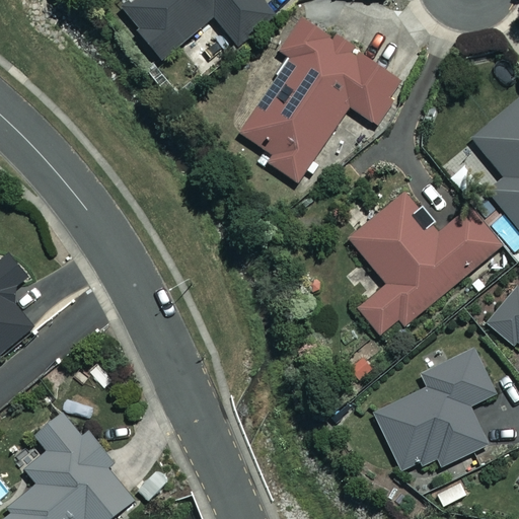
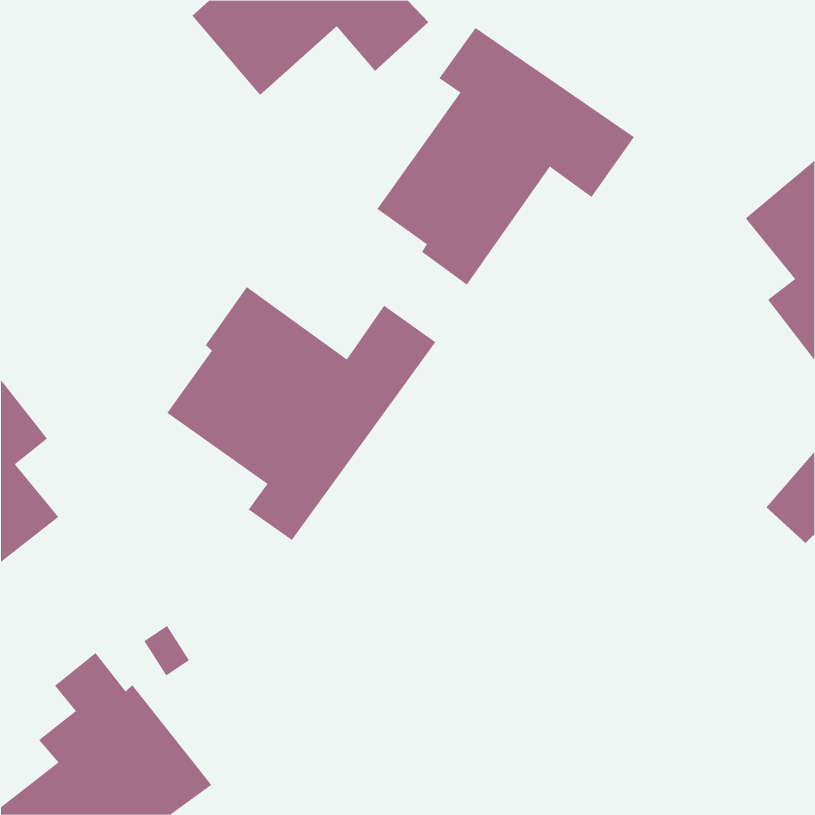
building: none -> [167,286,436,541]
building: [349,192,500,340] -> none
building: [373,350,495,473] -> none

